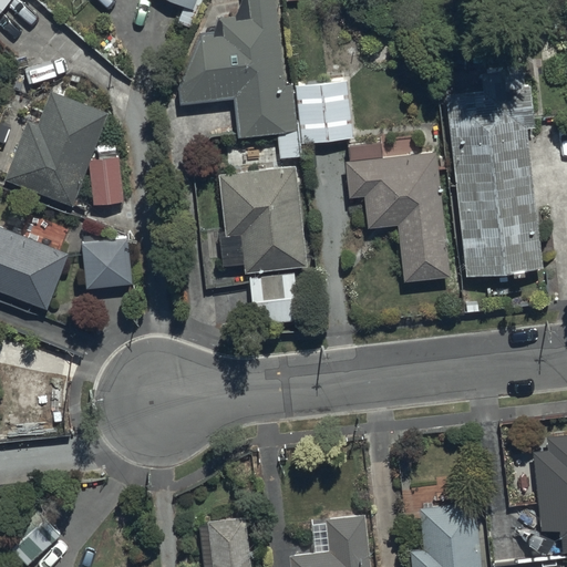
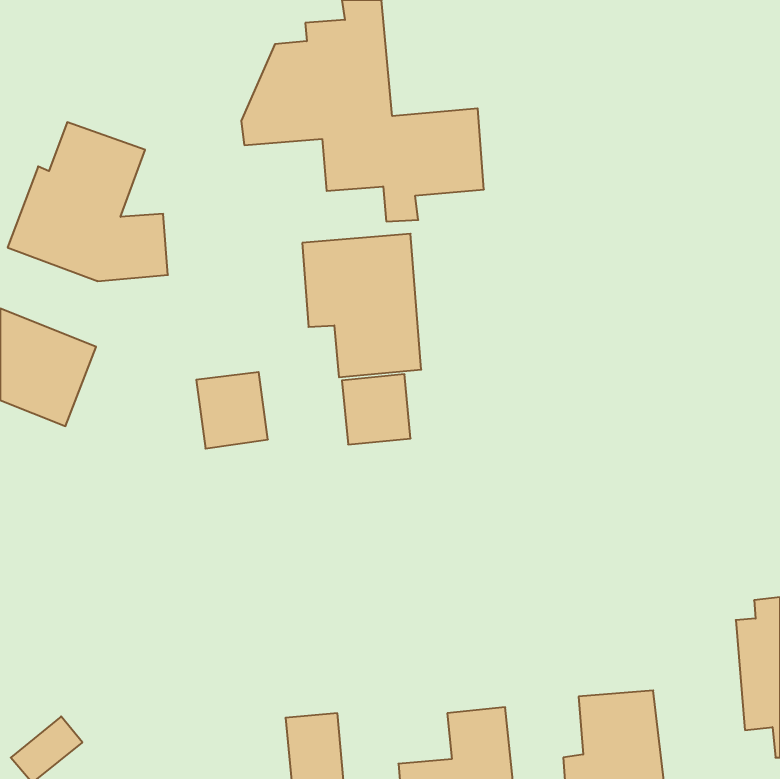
building: [449,73,542,280] -> none
building: [344,142,450,281] -> none
building: [81,235,133,290] -> [196,372,268,449]

